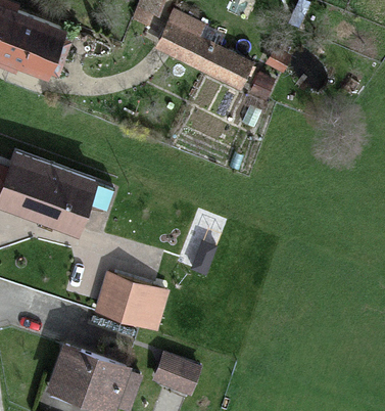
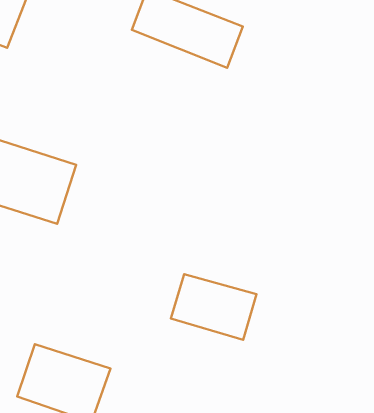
building: [89,274,167,334] -> [171,274,256,340]
building: [150,353,200,399] -> none

